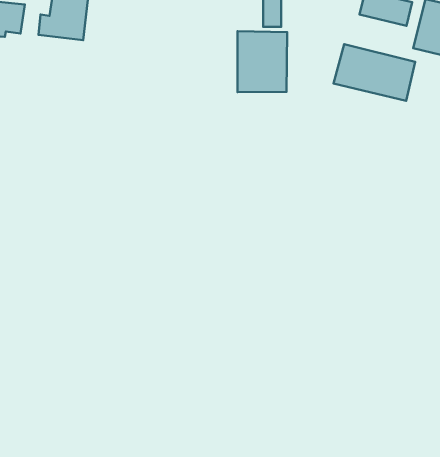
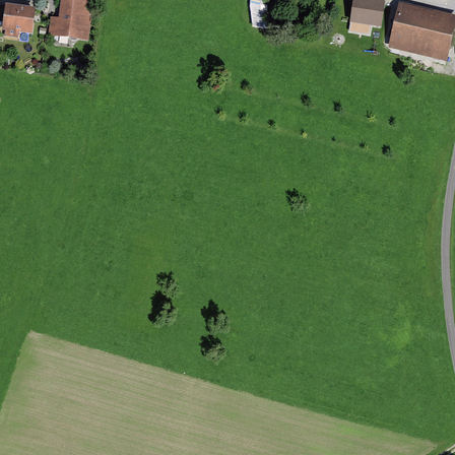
building: [237,31,287,92] -> none
building: [334,44,415,101] -> none

